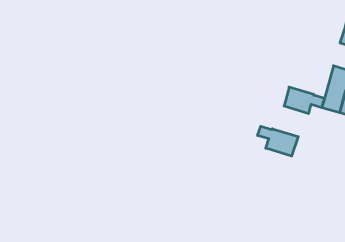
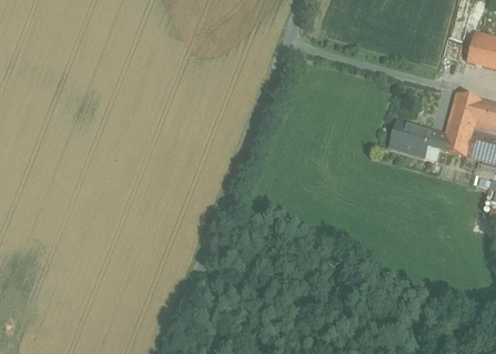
building: [258,126,298,156] -> none

